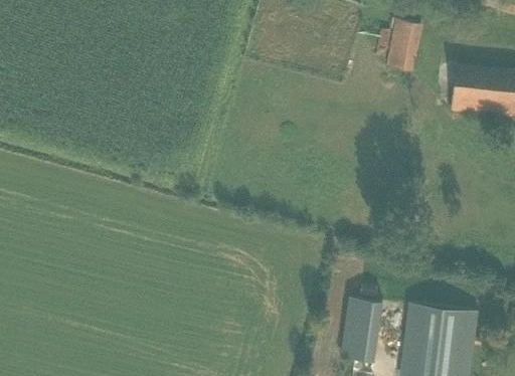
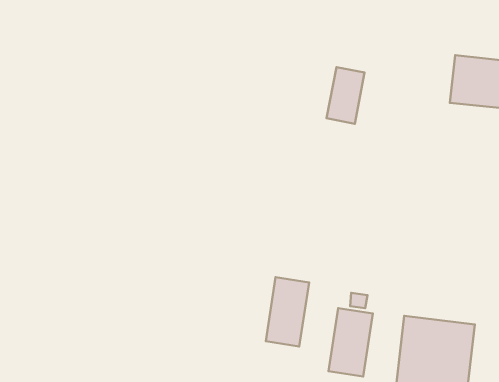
building: [387,19,422,71] -> [327,67,365,124]
building: none -> [266,277,309,346]

